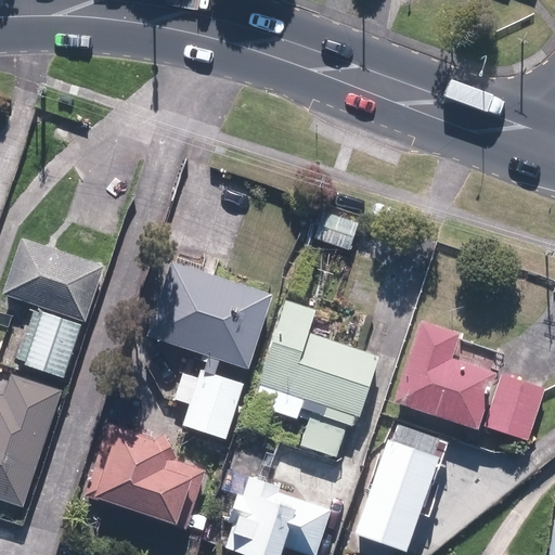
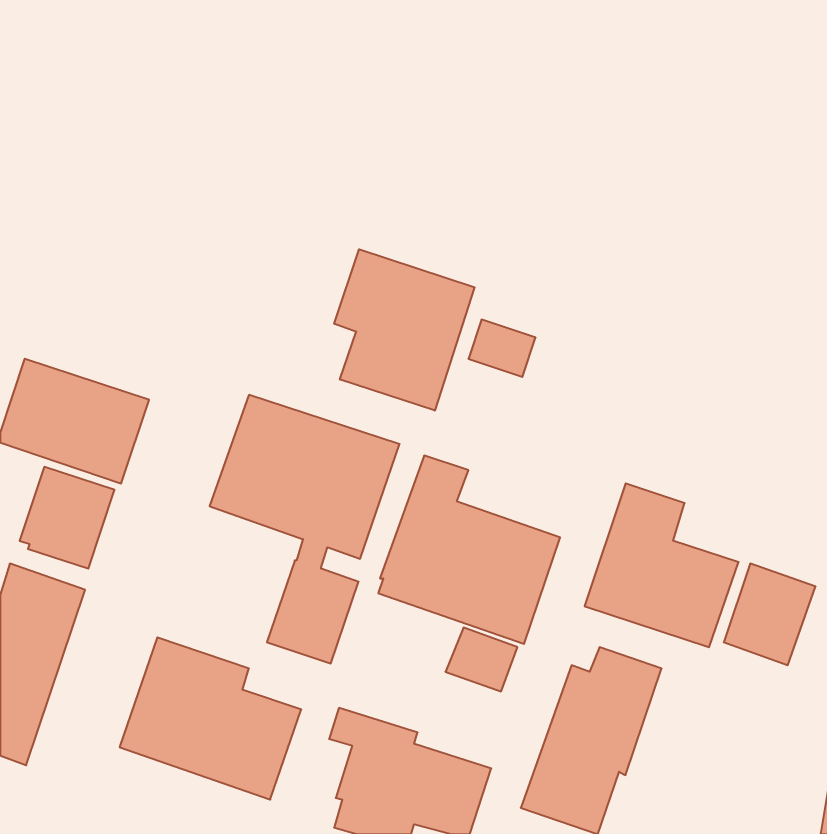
building: none -> [334,249,475,411]

